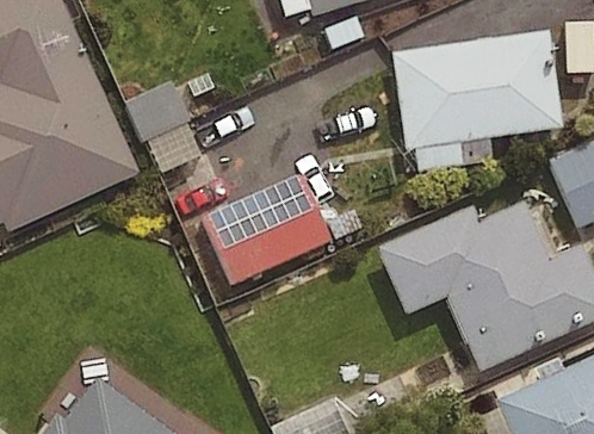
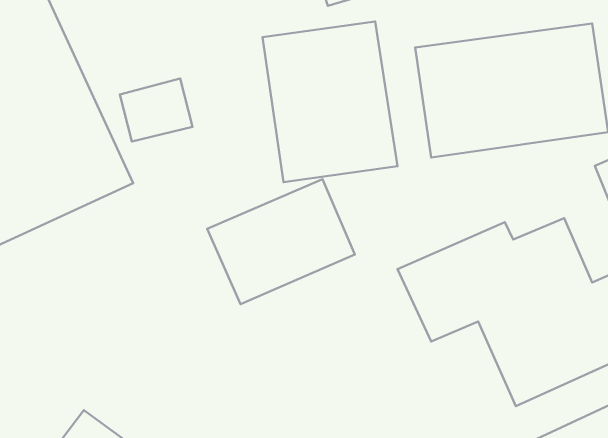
building: none -> [262,21,397,182]

